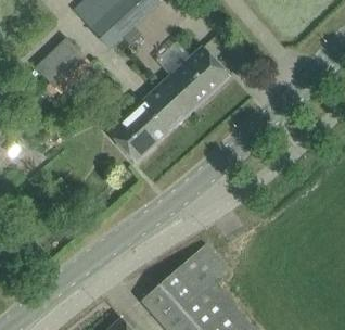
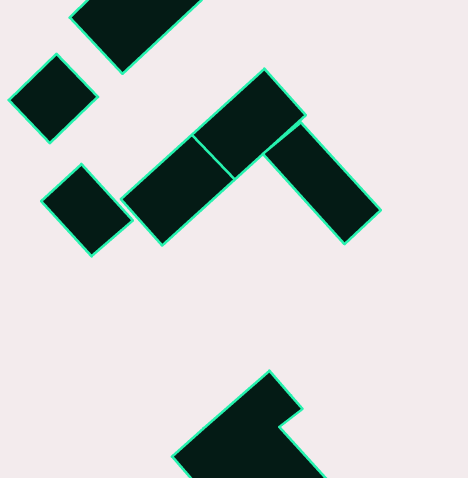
building: none -> [263,122,381,244]
building: none -> [41,164,133,256]

